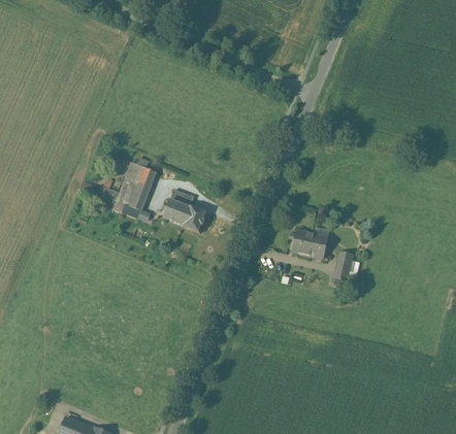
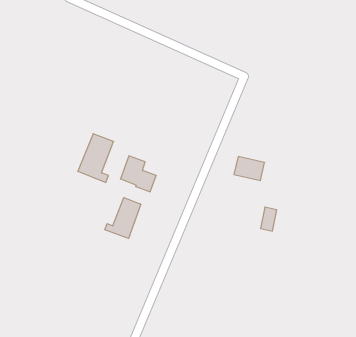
building: [291,230,328,259] -> [234,157,265,181]
building: none -> [105,198,141,238]

